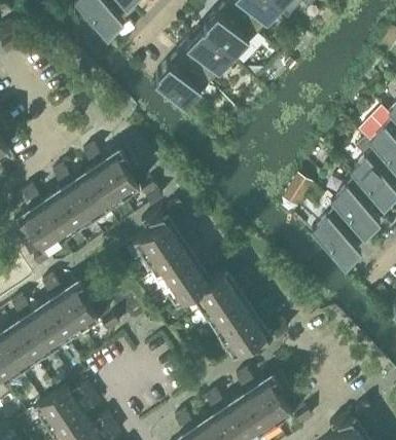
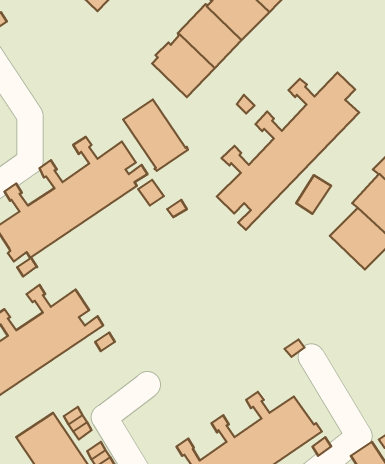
building: none -> [217,73,359,230]
building: none -> [123,99,188,171]
building: [133,210,276,357] -> none

